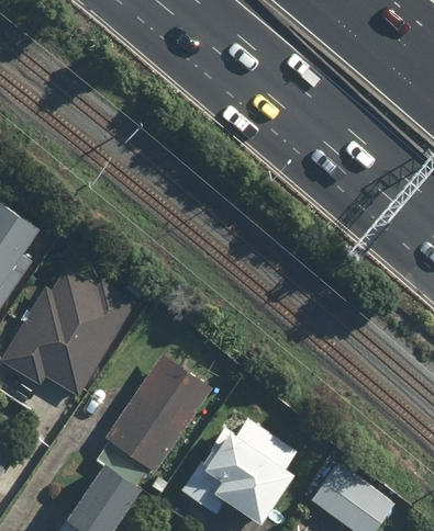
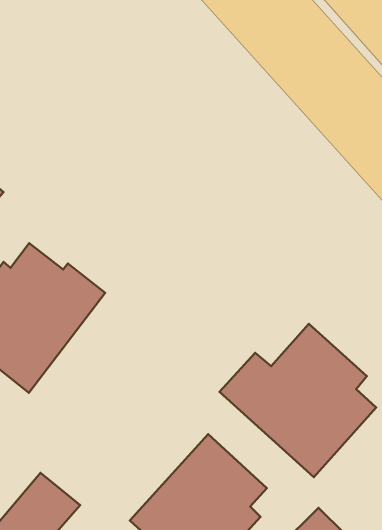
building: none -> [219,324,376,477]
building: [105,353,212,473] -> none

